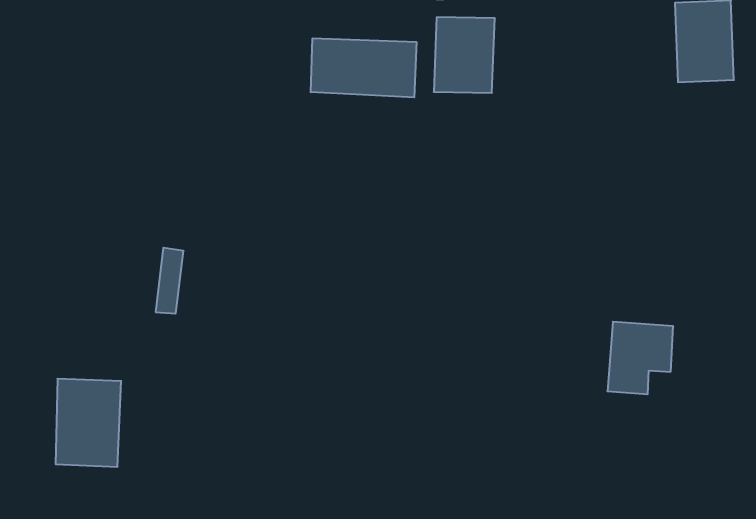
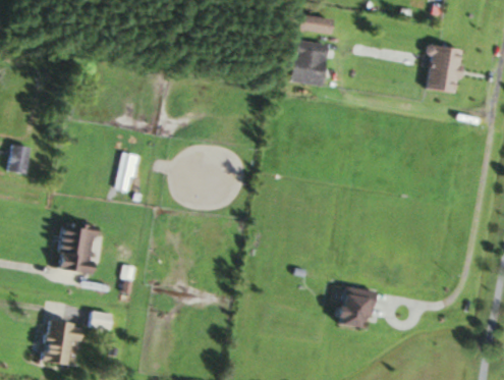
building: [311,38,416,97] -> none
building: [607,322,673,394] -> [335,285,376,328]

